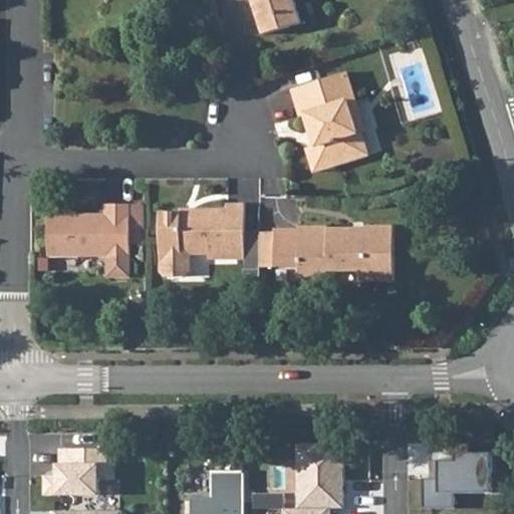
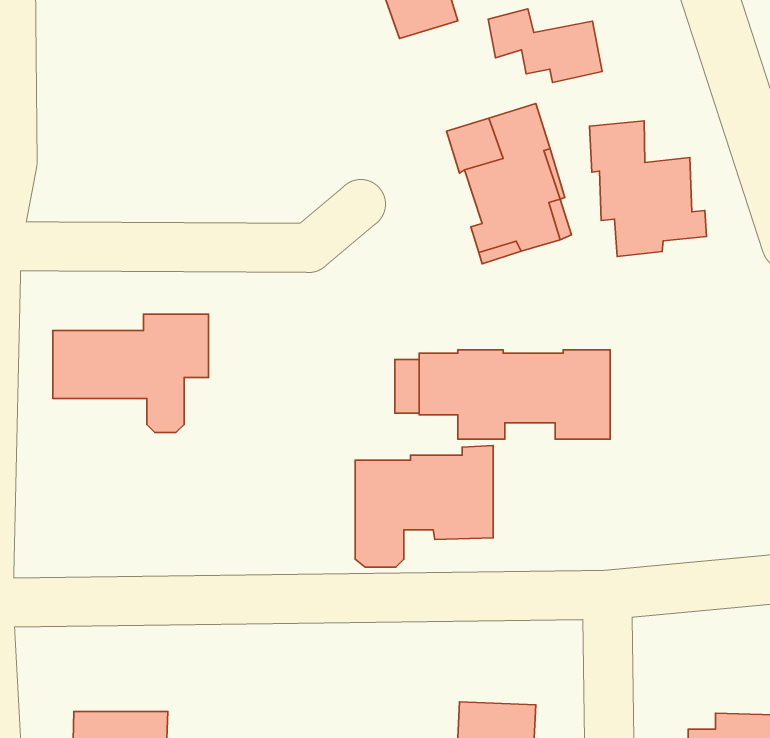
building: none -> [488,9,602,83]
building: none -> [590,121,707,257]
building: [158,203,243,278] -> [355,446,493,567]

